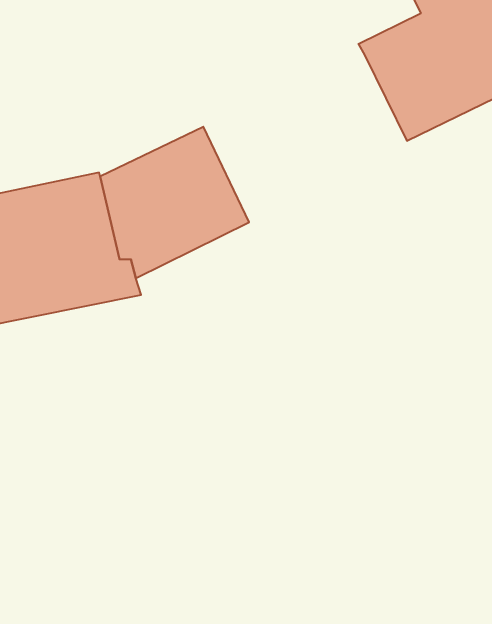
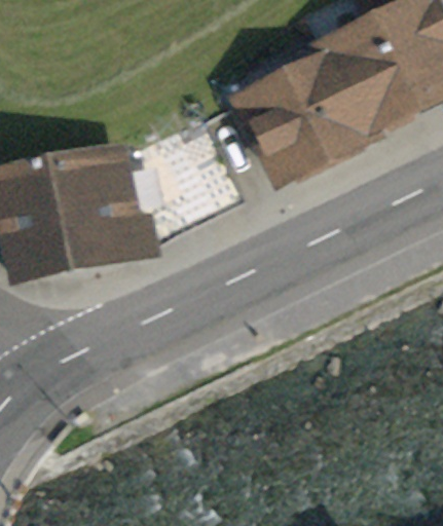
building: none -> [238,62,363,181]

